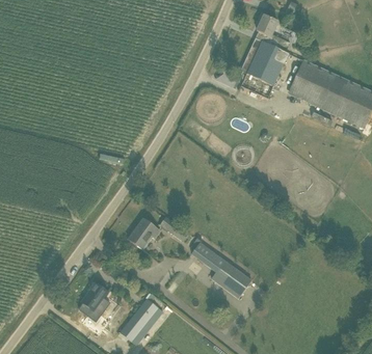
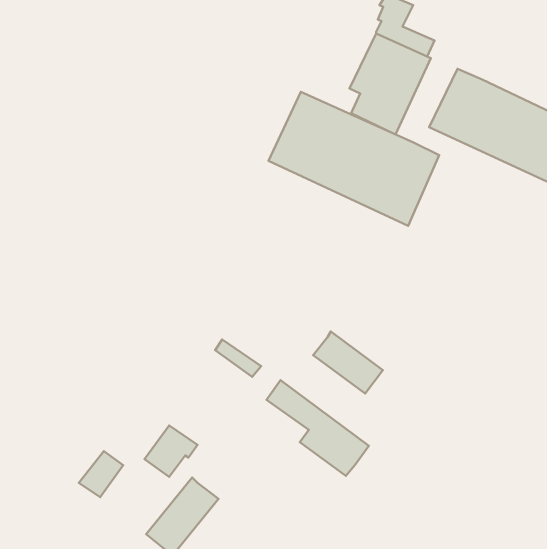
building: none -> [269,92,439,226]
building: none -> [313,332,383,394]
building: [128,218,159,248] -> [144,426,197,477]

